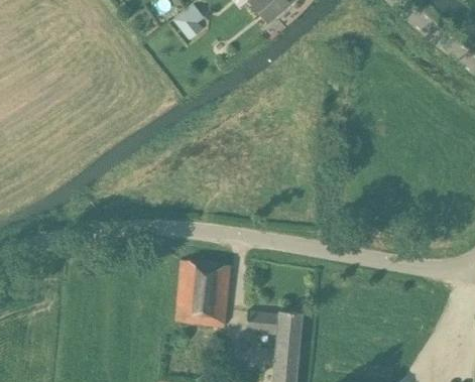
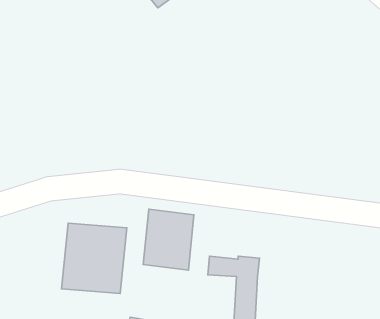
building: none -> [62,223,127,293]

